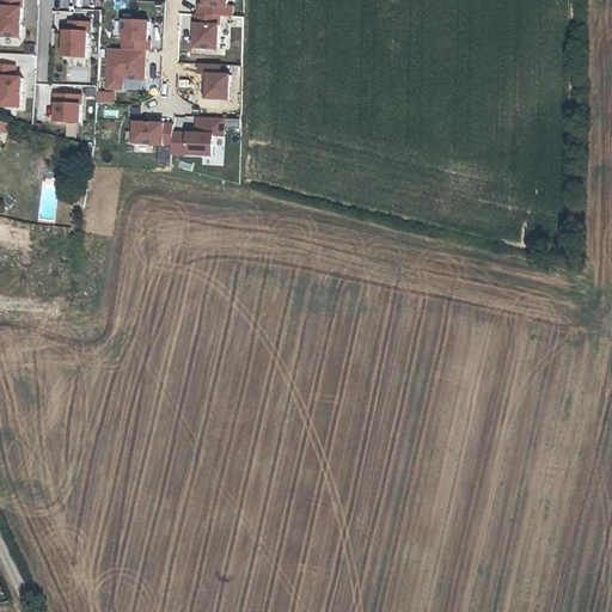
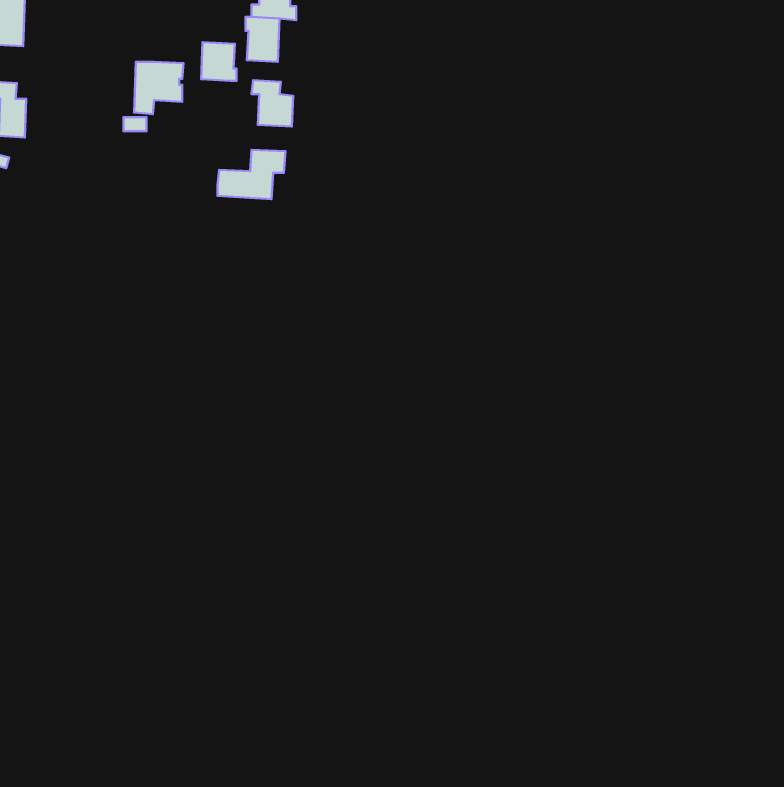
building: [120,19,147,49] -> [201,42,237,81]
building: [61,20,88,56] -> none
building: [50,93,79,121] -> none
building: [130,122,170,143] -> none

